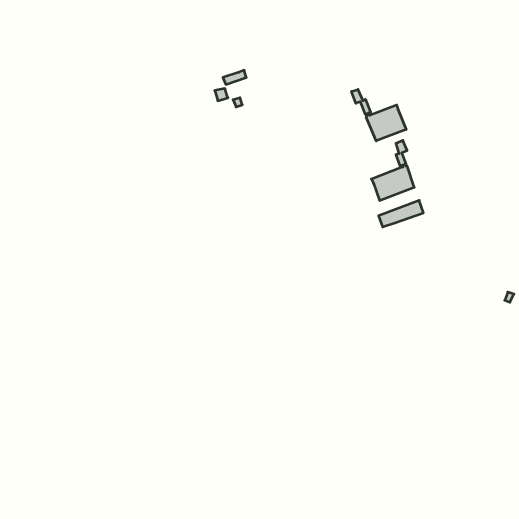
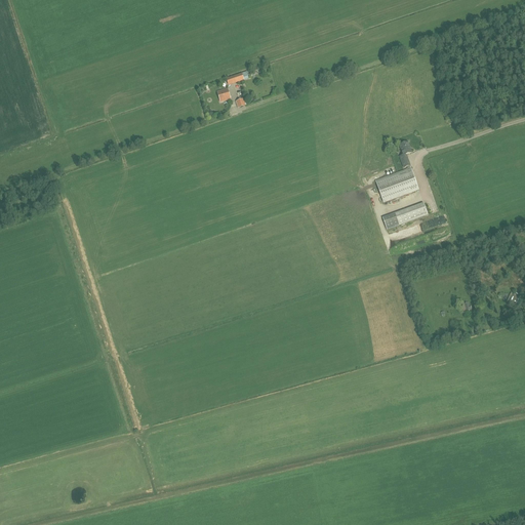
building: [352,89,406,141] -> none

